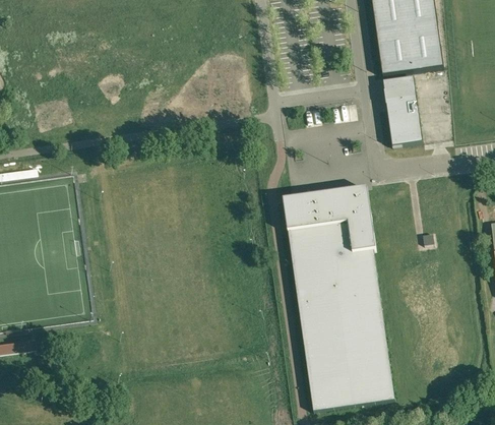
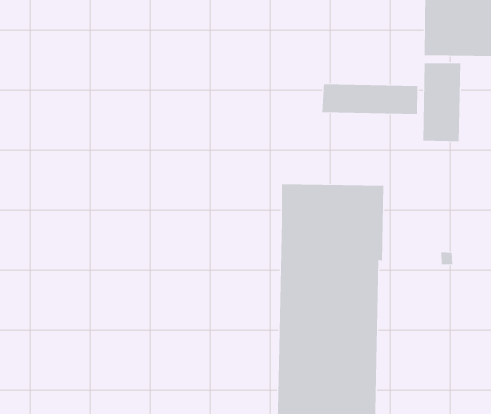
building: none -> [322,83,418,115]

